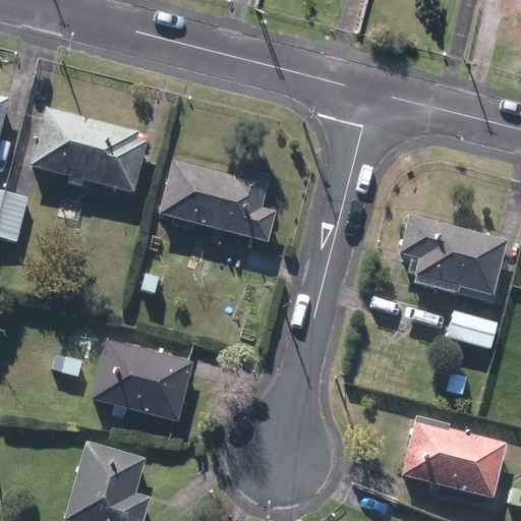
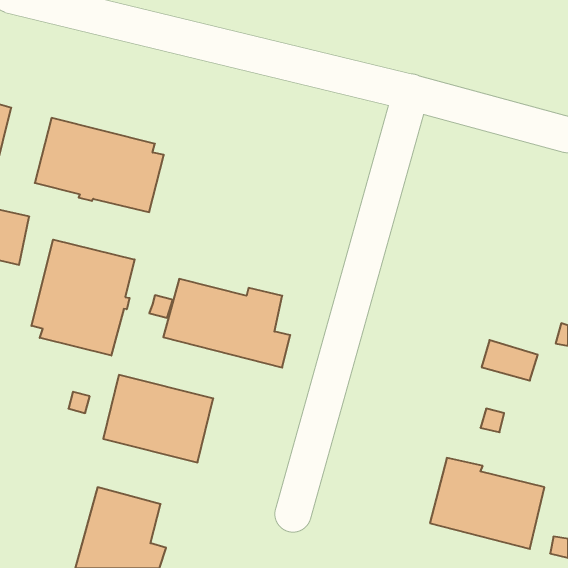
building: [162,161,277,241] -> [163,279,290,368]
building: [388,216,495,295] -> none
building: none -> [31,240,135,356]

